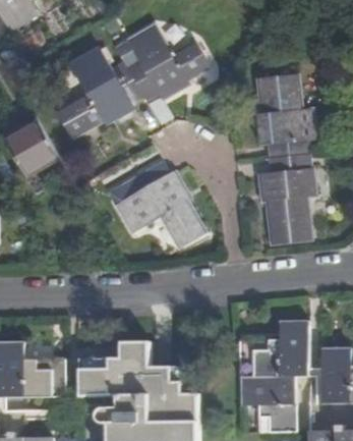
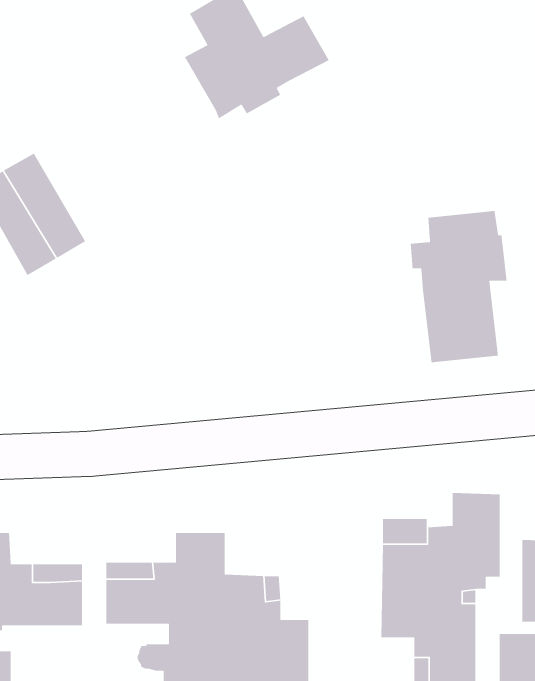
building: [58,49,143,139] -> none
building: [255,75,314,159] -> none
building: [116,162,203,249] -> none

